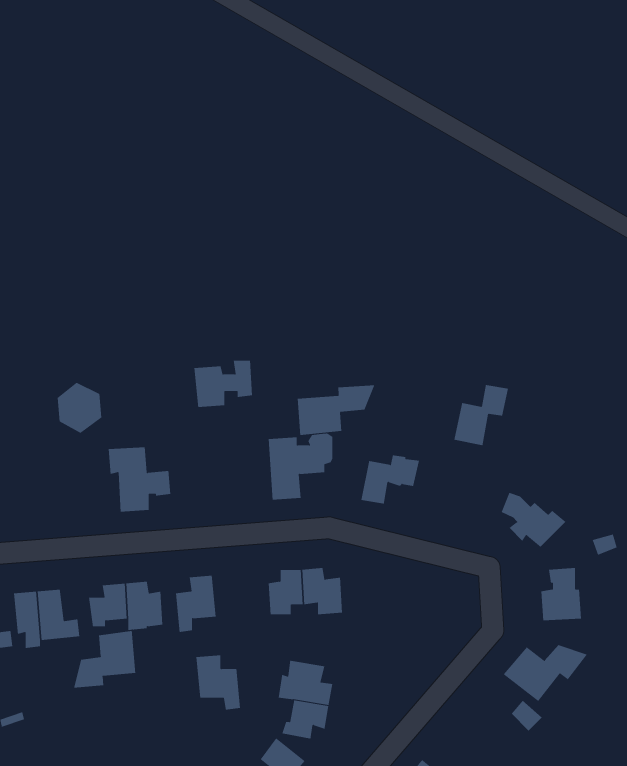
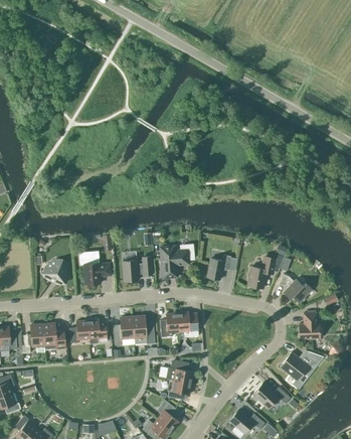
building: [193,360,253,407] -> [122,257,152,281]
building: [57,382,102,433] -> [45,259,68,285]
building: [297,385,375,436] -> none
building: [453,385,509,446] -> [247,257,276,288]
building: [73,630,136,688] -> none
building: [196,655,241,710] -> [132,315,155,343]
building: none -> [252,383,290,408]

